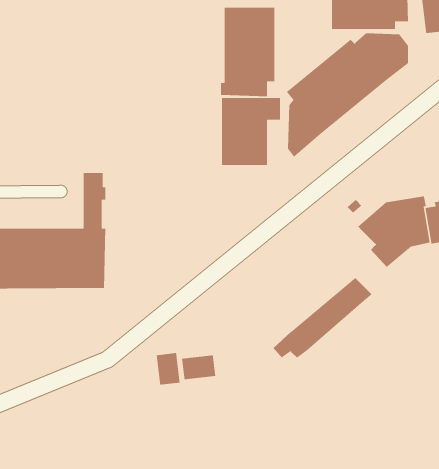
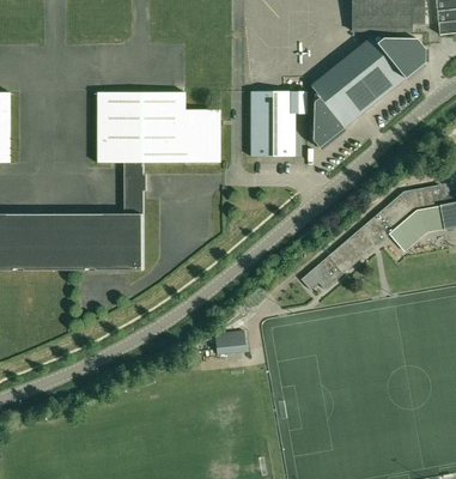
building: [220,7,275,97] -> none
building: none -> [97,91,220,162]
building: [272,277,372,359] -> [302,213,394,289]
building: [156,352,181,386] -> none

